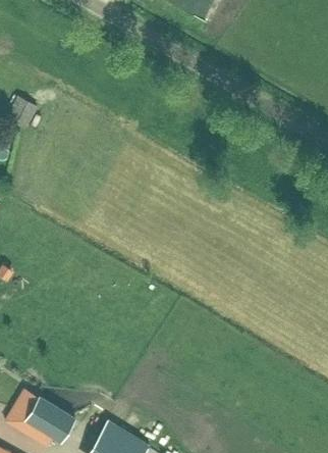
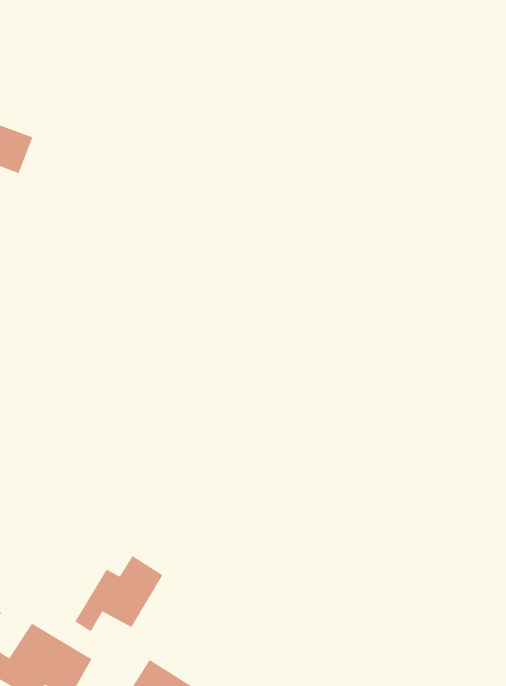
building: none -> [74,555,163,632]

